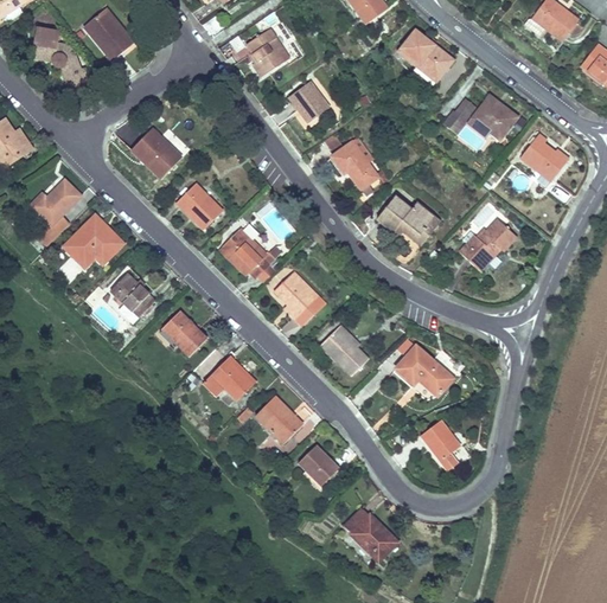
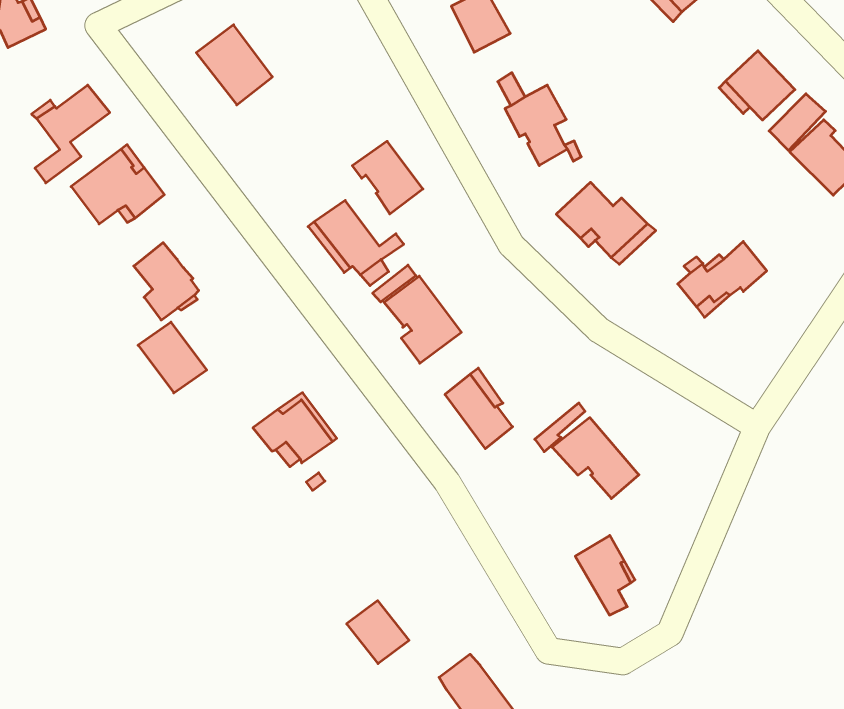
building: [442,96,477,134] -> [769,94,826,150]
building: [175,182,223,229] -> [352,141,423,214]
building: [161,310,207,355] -> [138,322,207,393]
building: [255,394,304,443] -> none
building: [298,444,339,485] -> [347,601,409,664]

